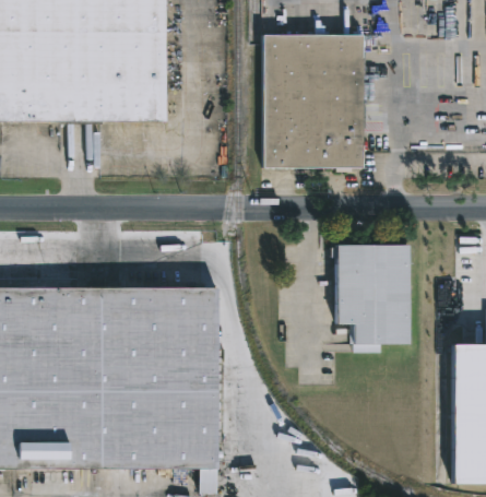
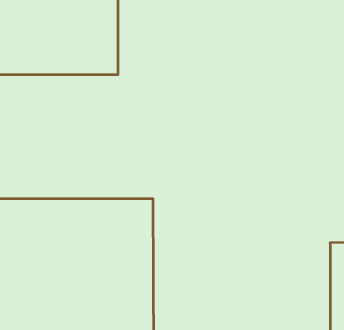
building: [264,34,364,167] -> none
building: [336,245,412,345] -> none

